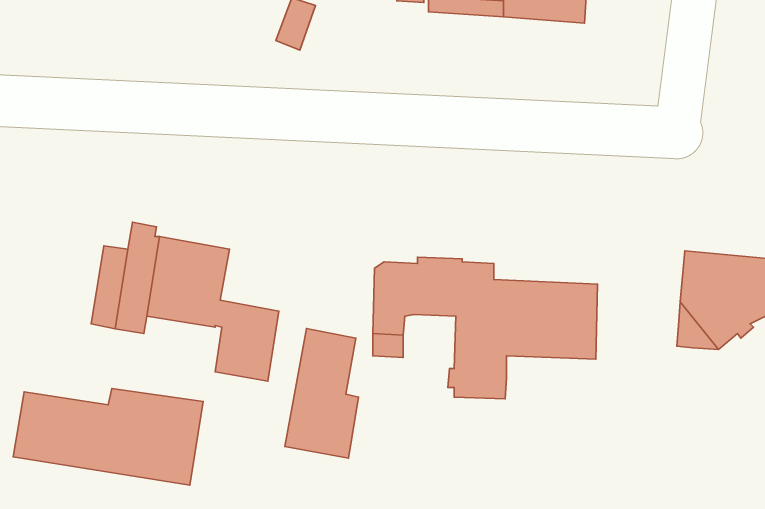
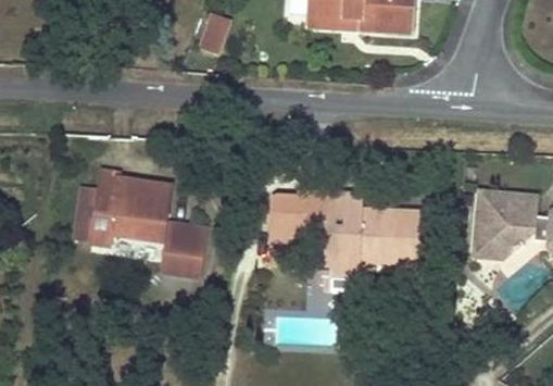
building: [285,329,359,458] -> none
building: [13,388,203,485] -> none

